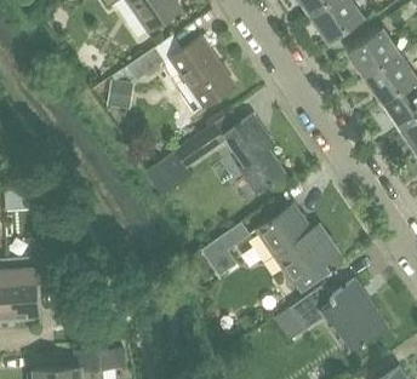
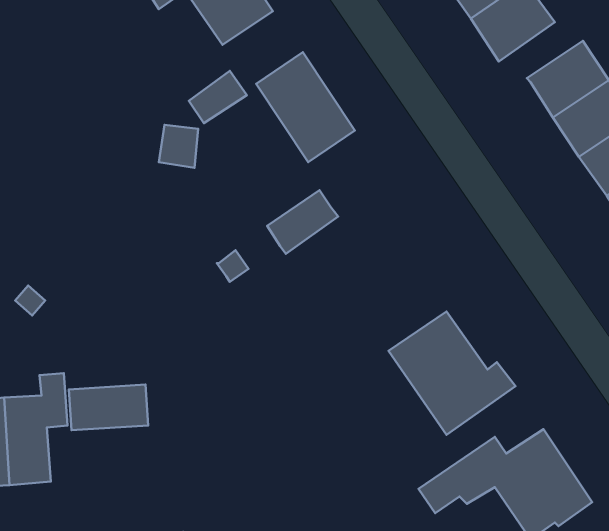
building: [223,114,286,193] -> none
building: [200,223,250,276] -> none
building: none -> [69,385,148,430]

